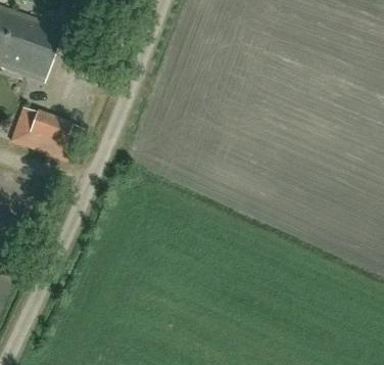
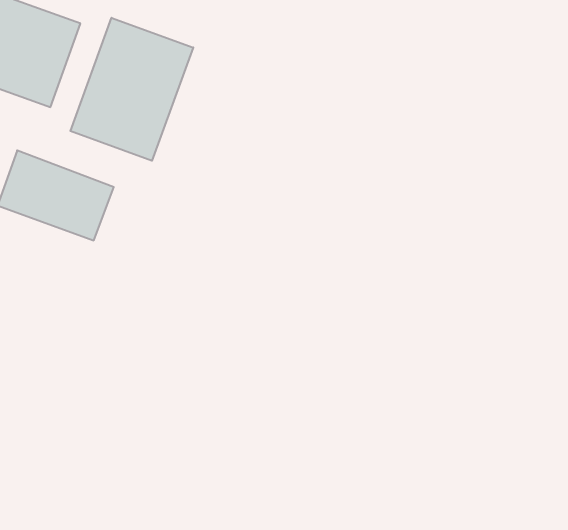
building: none -> [70,18,193,161]

